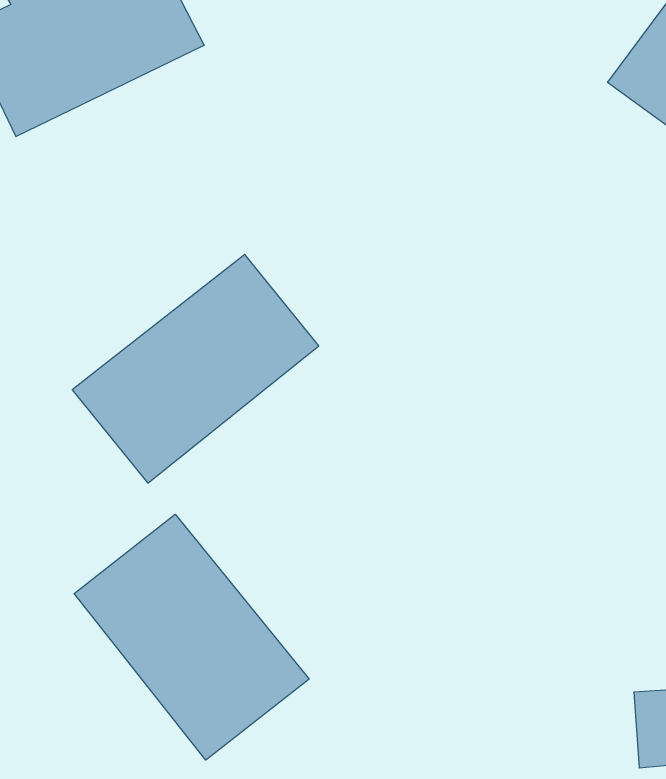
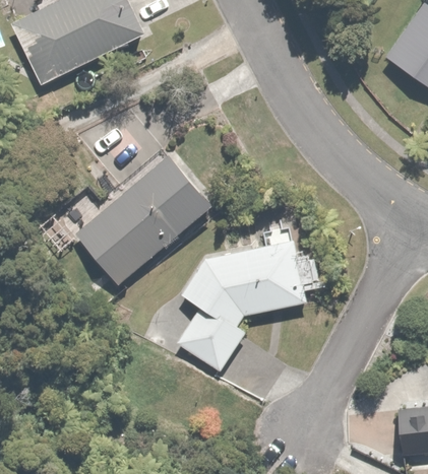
building: none -> [176,231,314,368]
building: [74,514,309,760] -> none

